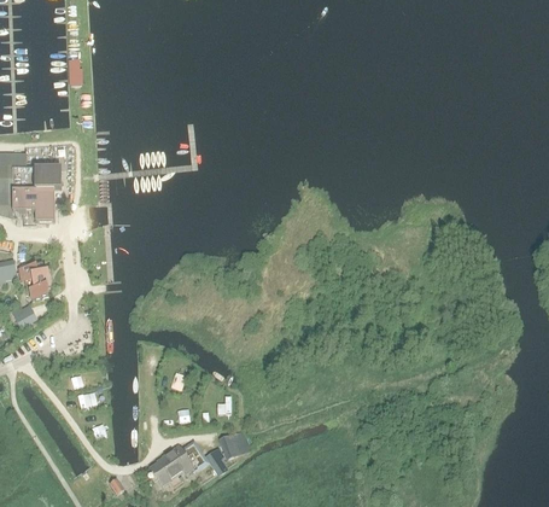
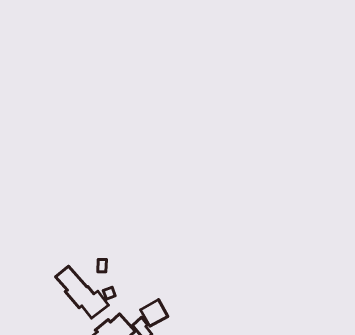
building: none -> [56,266,109,318]

